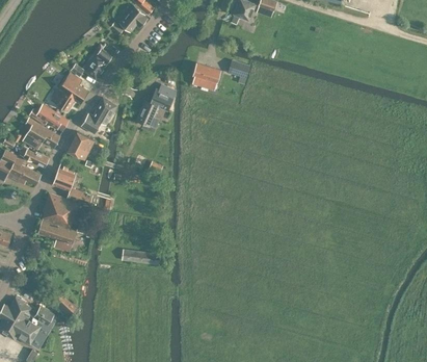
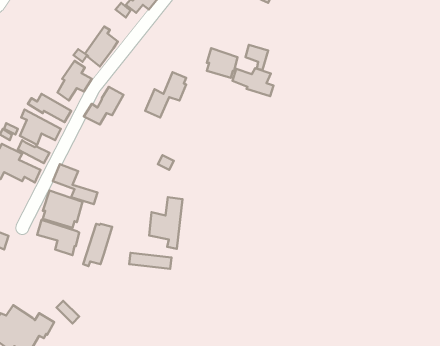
building: none -> [233,68,274,96]
building: [66,132,94,159] -> none
building: none -> [149,197,182,249]
building: none -> [83,224,112,266]

